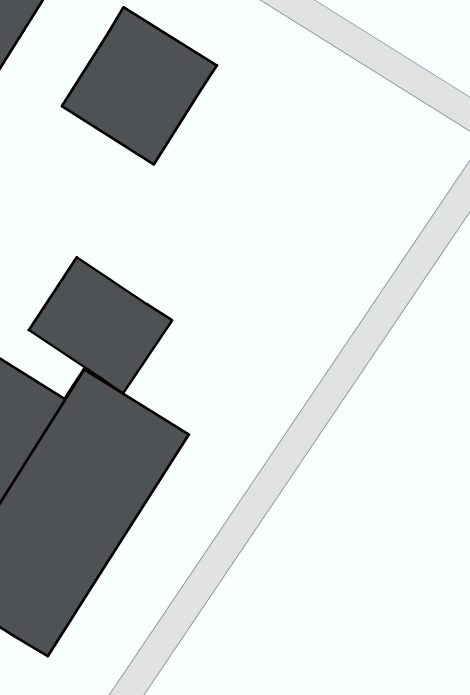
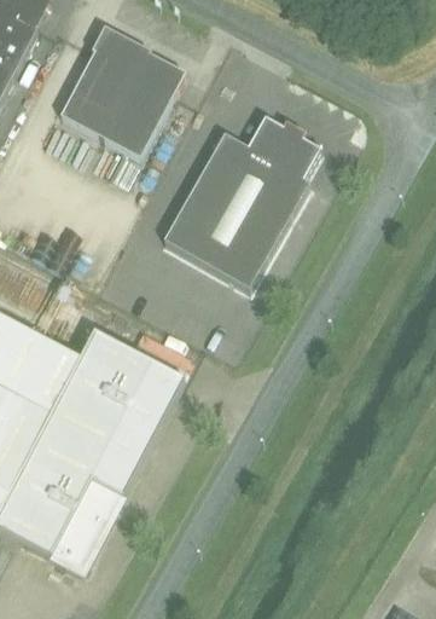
building: none -> [164,115,321,287]
building: [29,257,172,394] -> none

